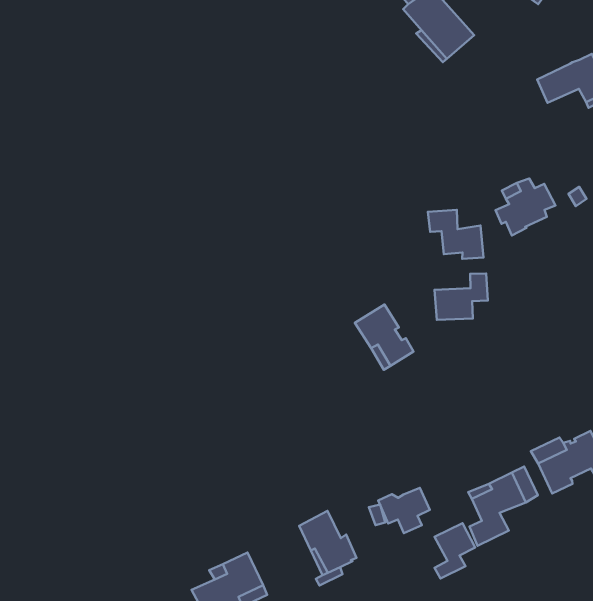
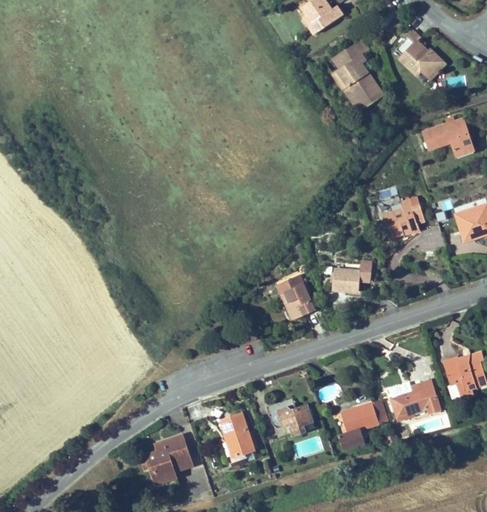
building: [428,210,484,259] -> none
building: [434,523,475,578] -> none

